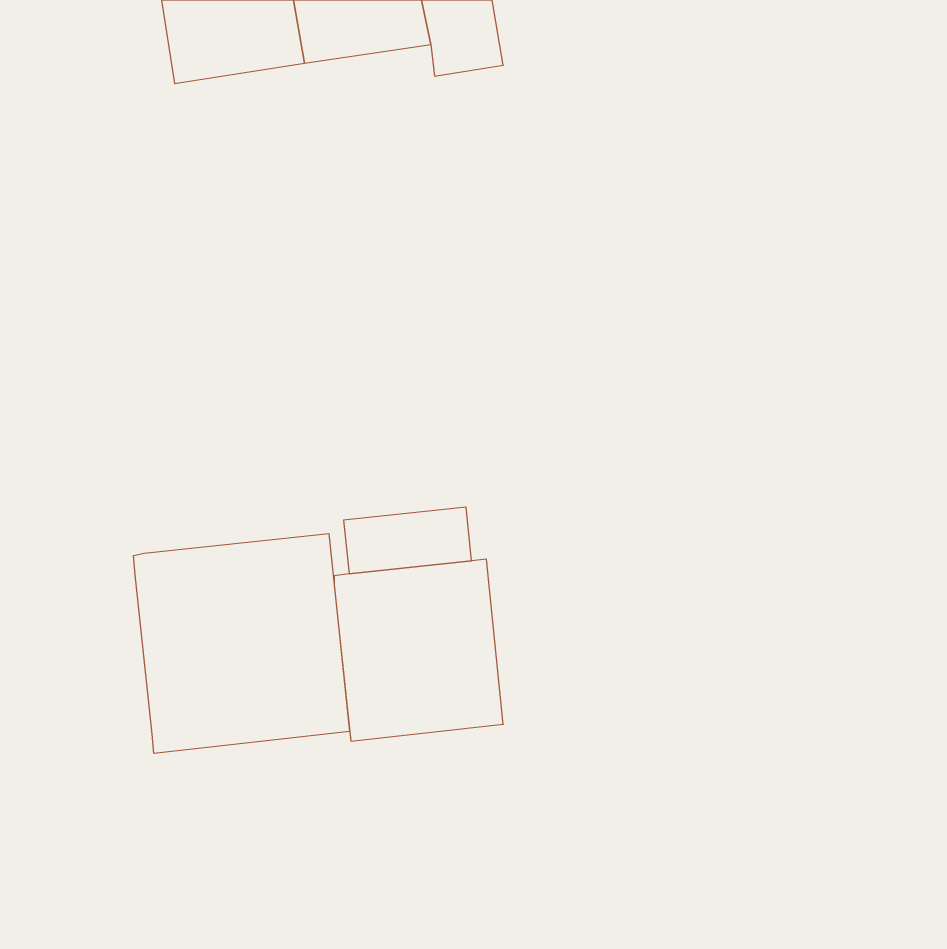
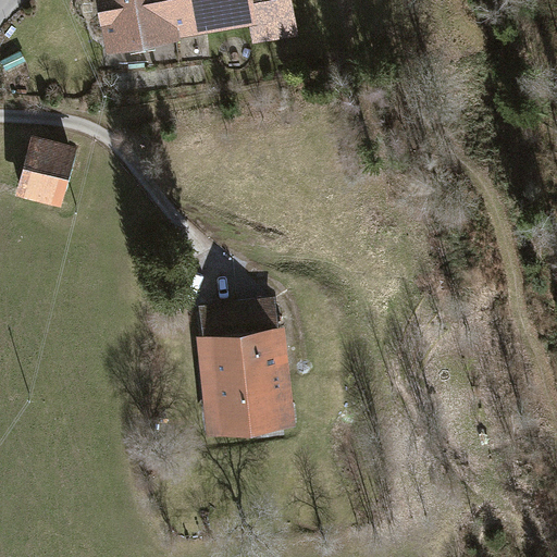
building: none -> [17,134,77,207]
building: [133,534,349,753] -> none

